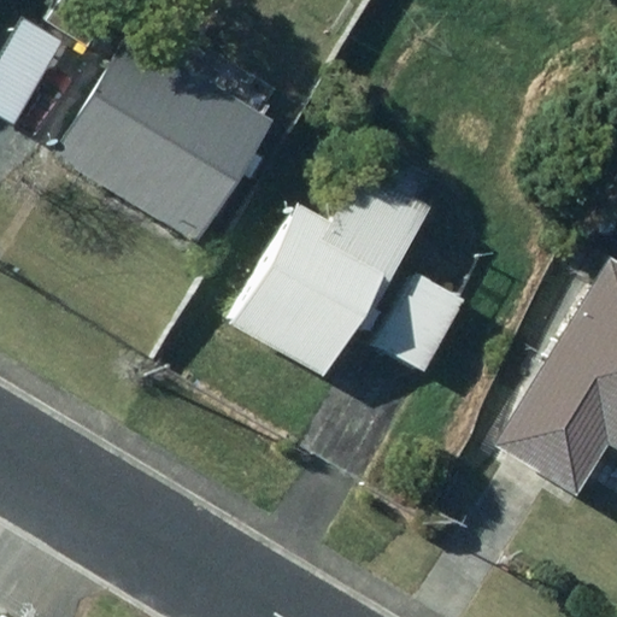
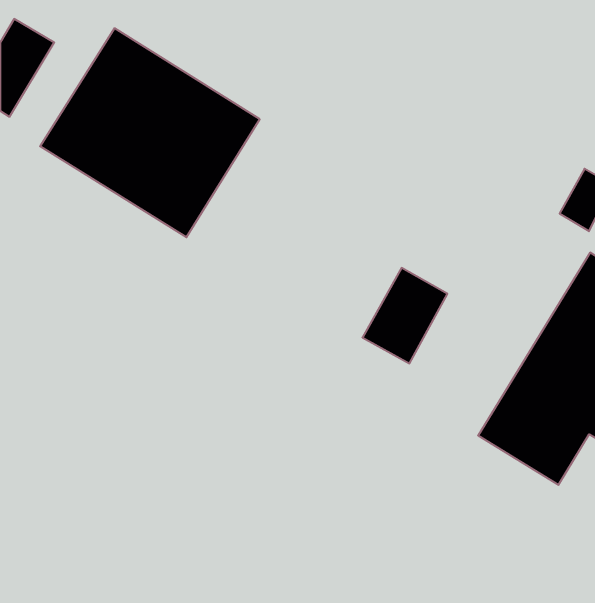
building: [233,170,427,376] -> none

